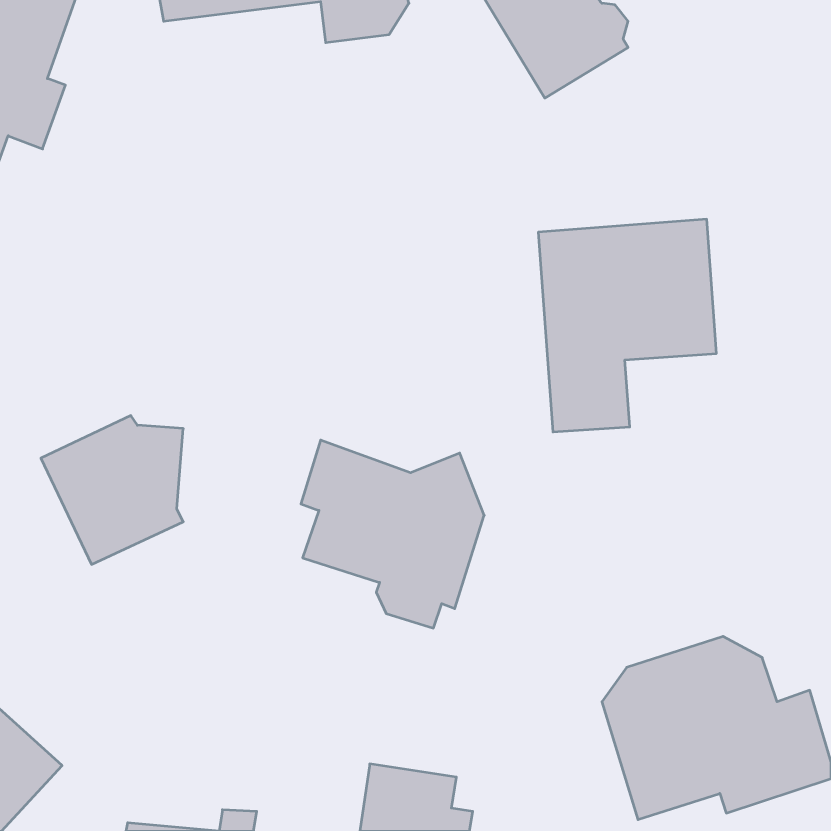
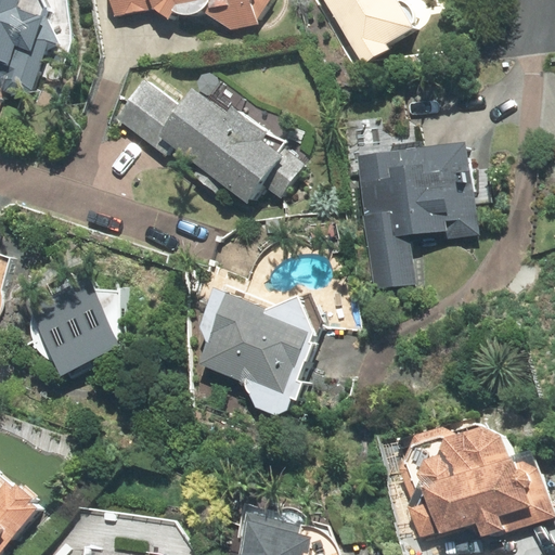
building: none -> [117,78,306,205]

